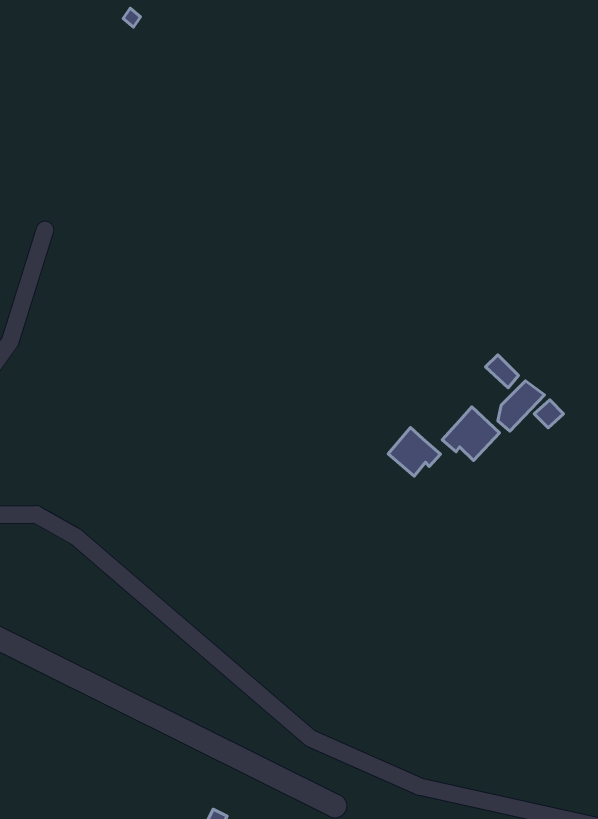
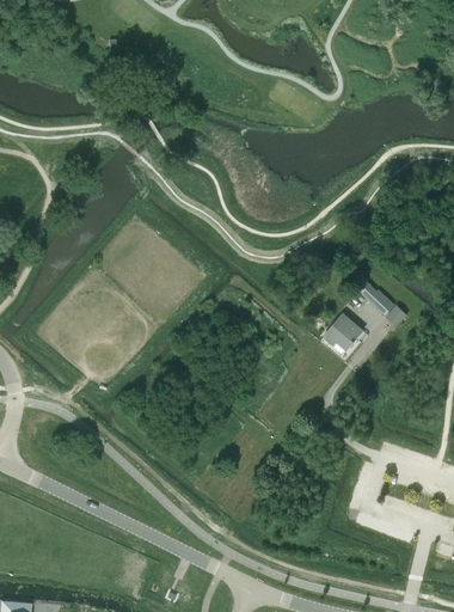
building: [388,427,440,476] -> none

